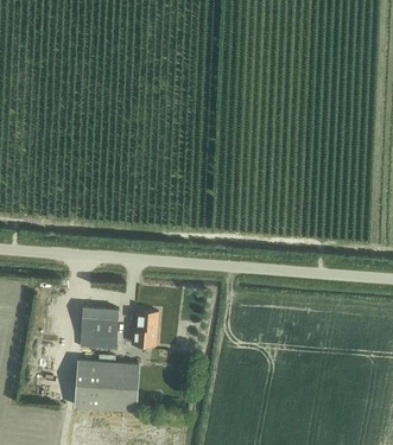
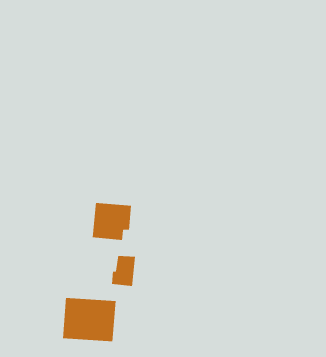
building: [80,309,126,352] -> [92,203,132,240]

